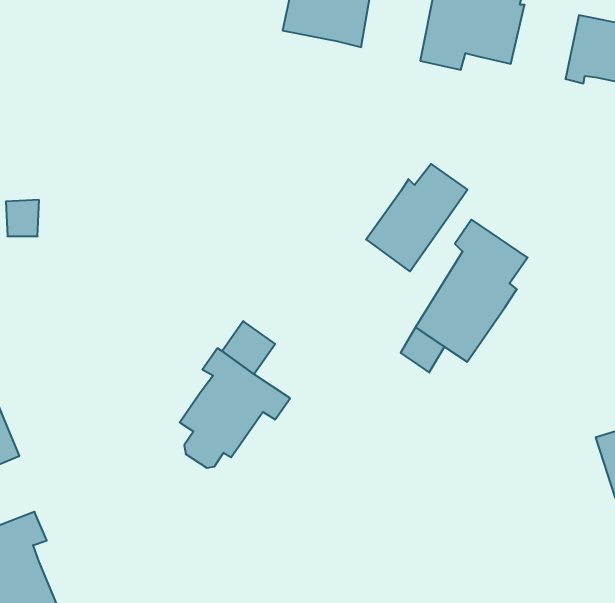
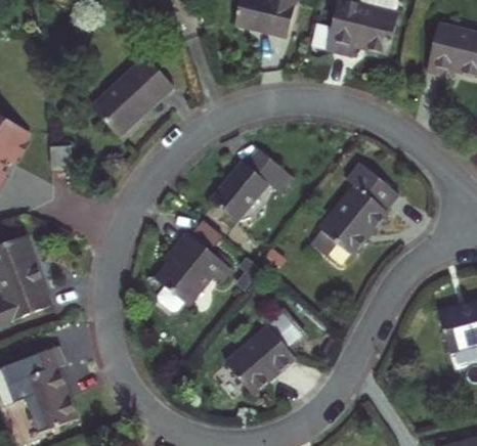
building: none -> [94,55,175,137]
building: [366,164,467,271] -> [209,149,277,222]
building: none -> [237,312,311,393]

